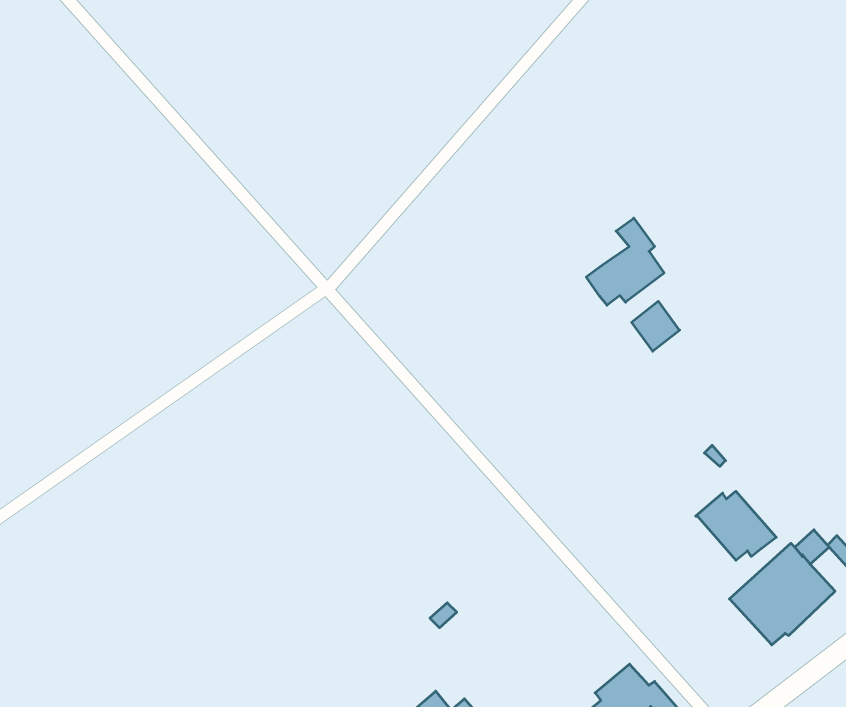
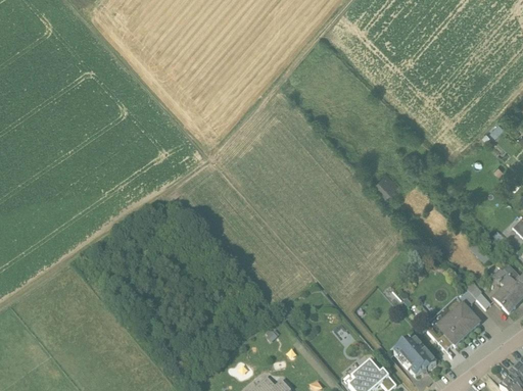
building: [586,218,664,305] -> none
building: [696,491,776,560] -> [393,337,436,374]

